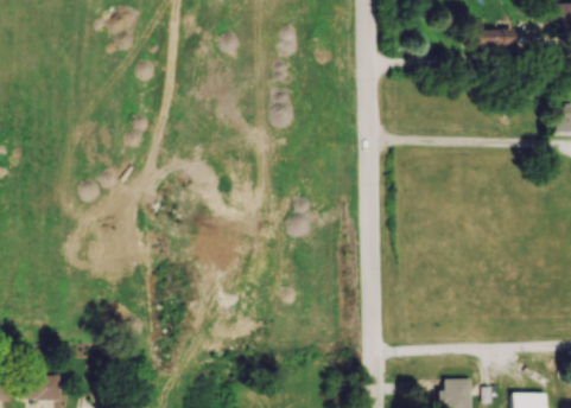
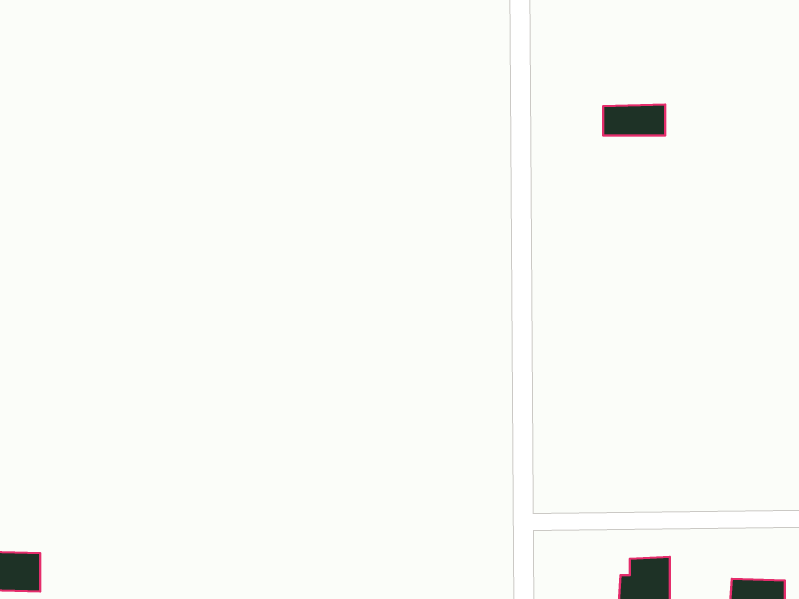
building: [476,28,516,49] -> [603,104,665,136]

